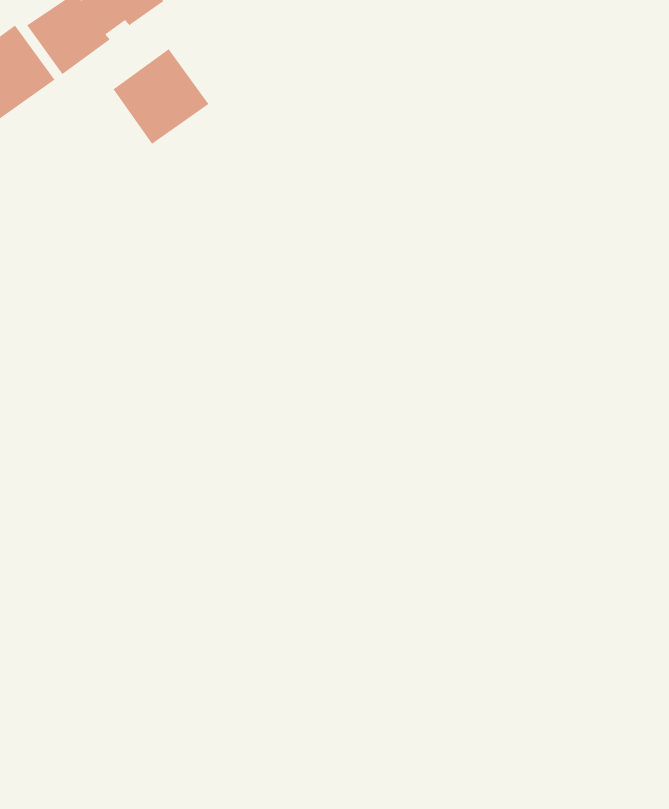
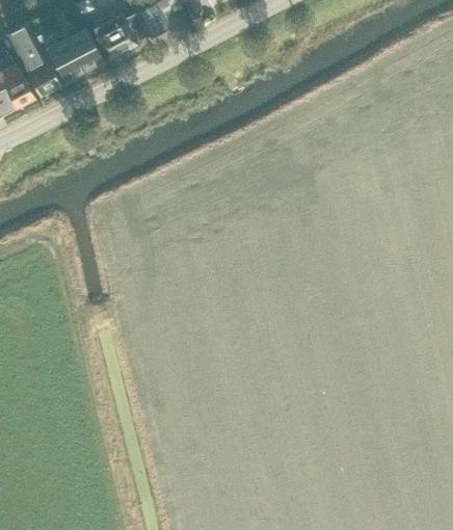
building: [113,48,209,145] -> none

